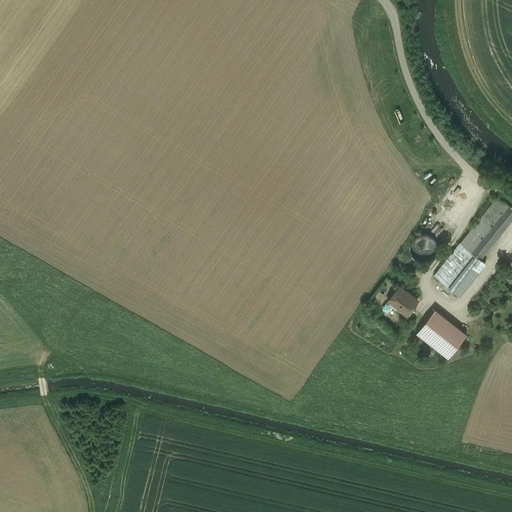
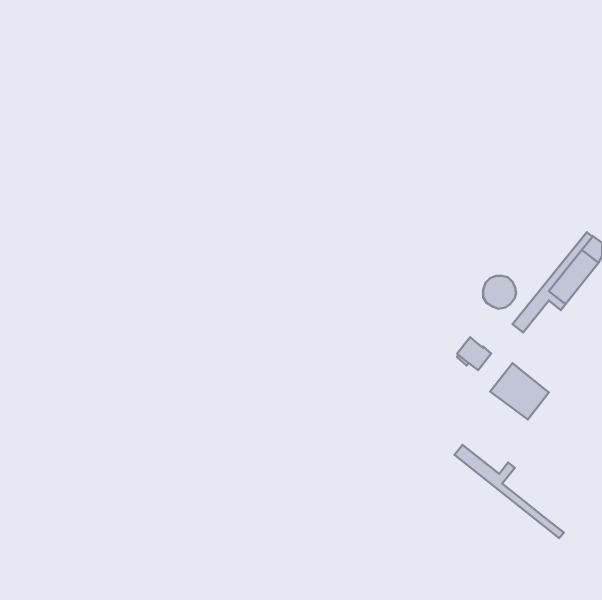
building: [444,257,486,298] -> none
building: none -> [454,445,564,538]

